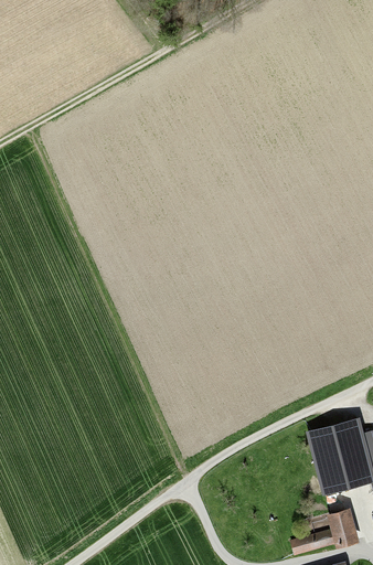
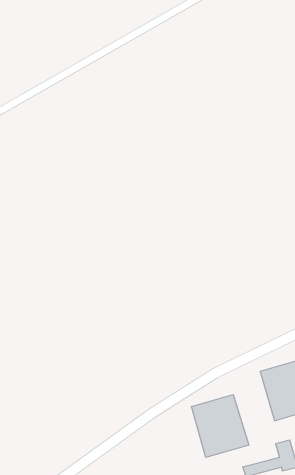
building: none -> [191,395,249,457]

